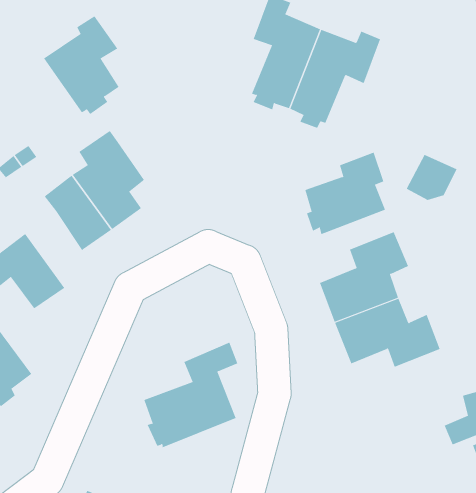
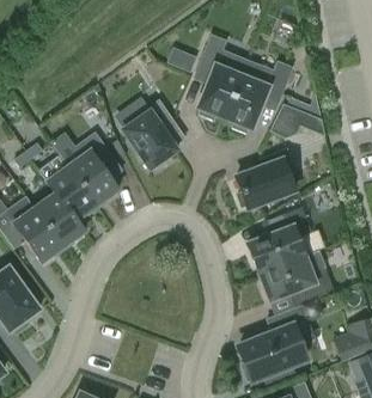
building: [43,15,120,115] -> [122,98,177,170]
building: [406,154,457,201] -> [269,103,306,136]
building: none -> [35,191,85,246]
building: [144,342,238,448] -> [238,304,306,380]

